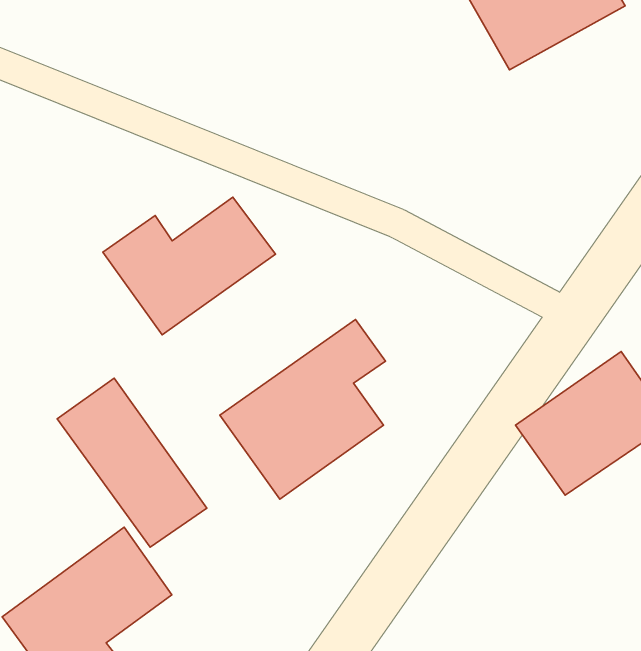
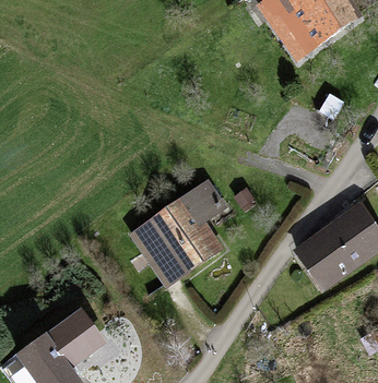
building: [103,197,275,335] -> none
building: [57,378,207,547] -> none

